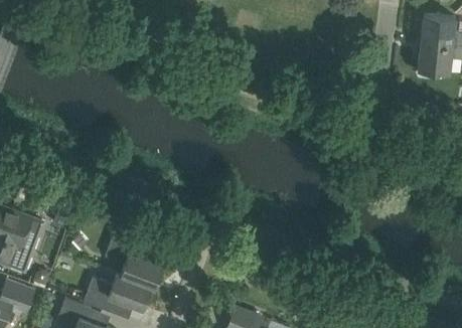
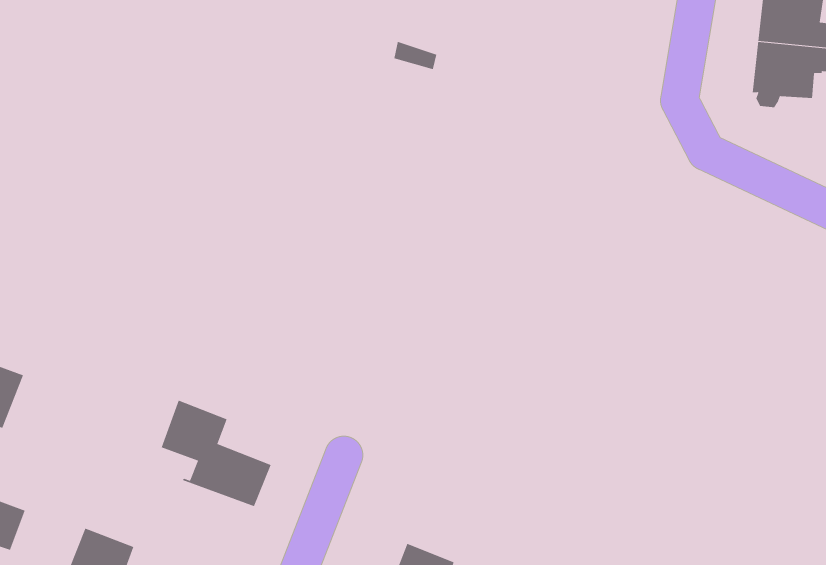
building: [85,275,155,313] -> none

